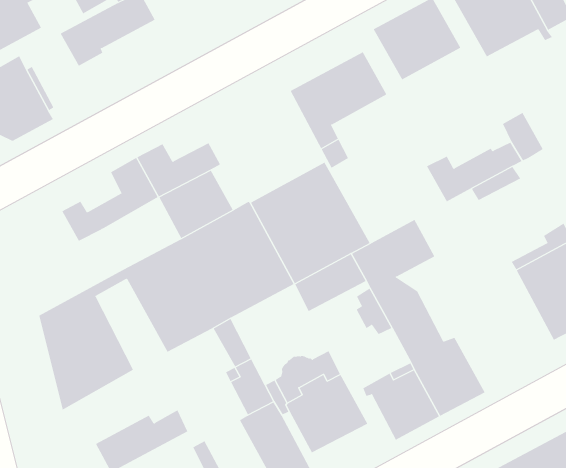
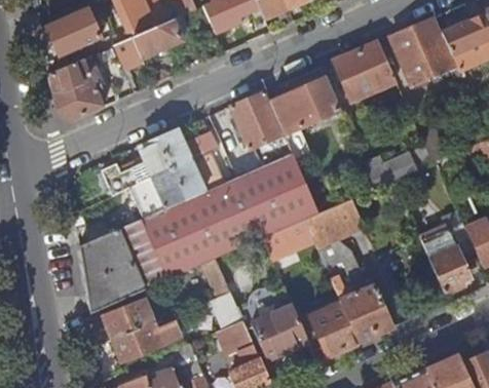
building: none -> [231,90,285,148]
building: none -> [130,167,186,217]
building: none -> [122,224,170,288]
building: none -> [104,299,153,339]

